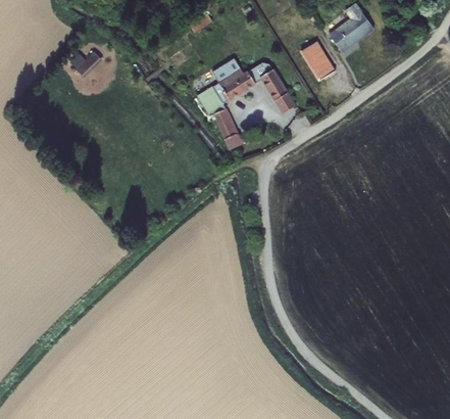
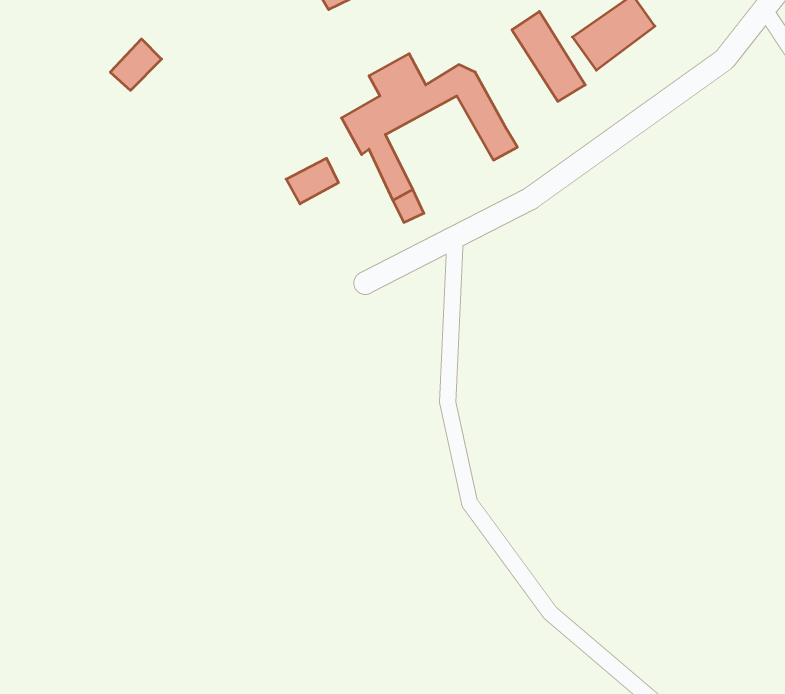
building: none -> [286,158,338,204]

